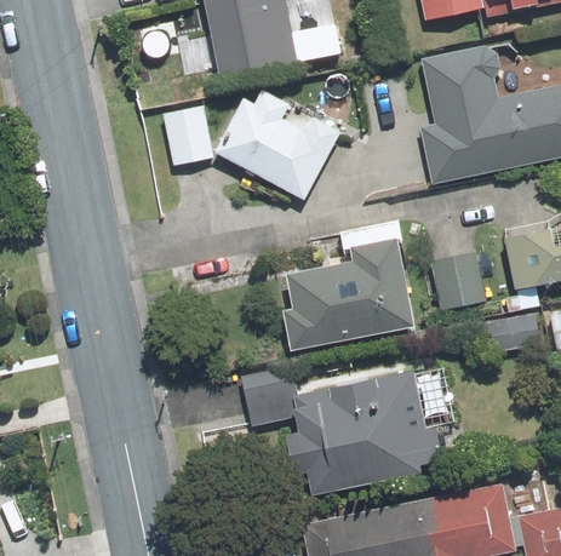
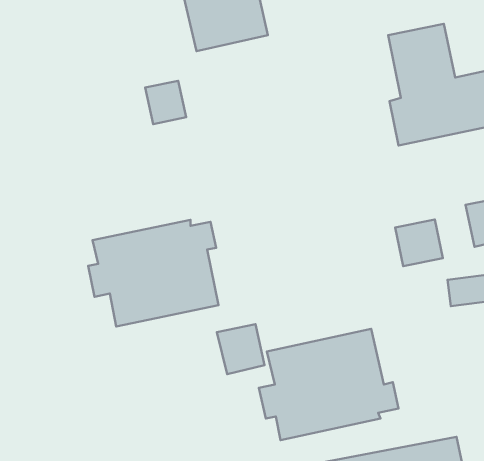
building: [218,97,334,191] -> none
building: [286,242,408,346] -> none
building: none -> [88,220,218,327]

